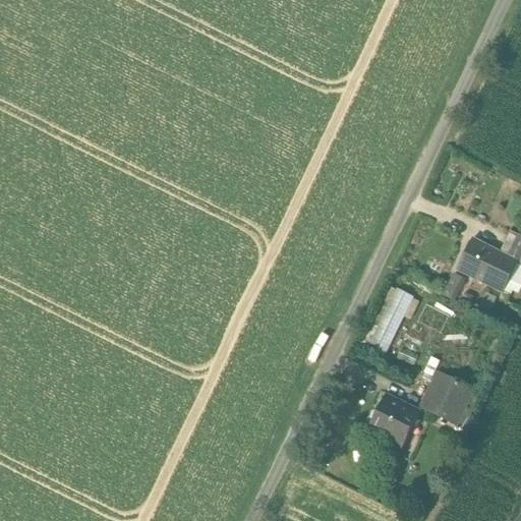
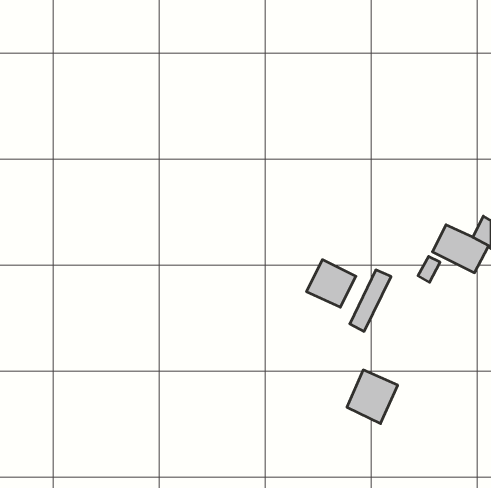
building: none -> [307,260,356,307]
building: [421,371,473,423] -> none

